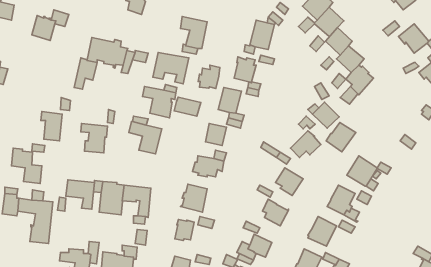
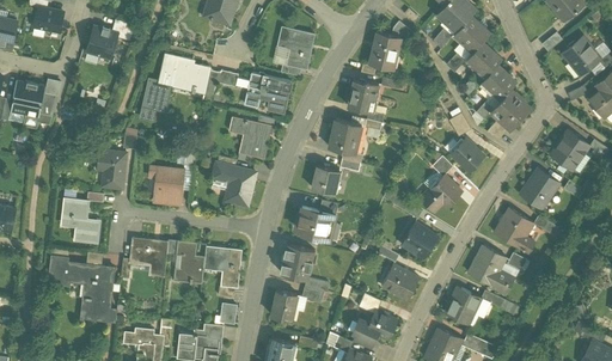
building: [198,65,220,89] -> none
building: none -> [550,131,588,171]
building: [174,97,201,116] -> none
building: [326,122,356,152] -> [520,171,558,209]

